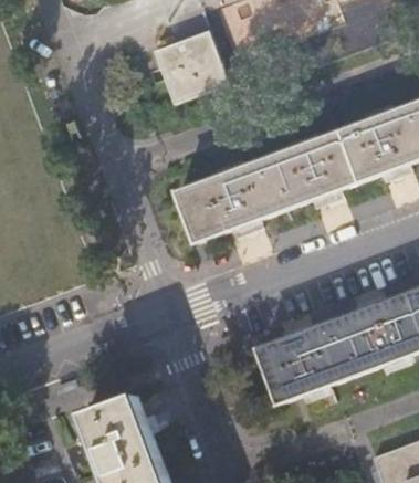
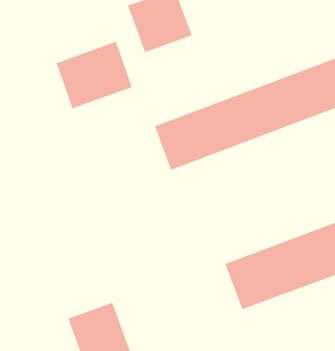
building: none -> [56,41,133,109]

